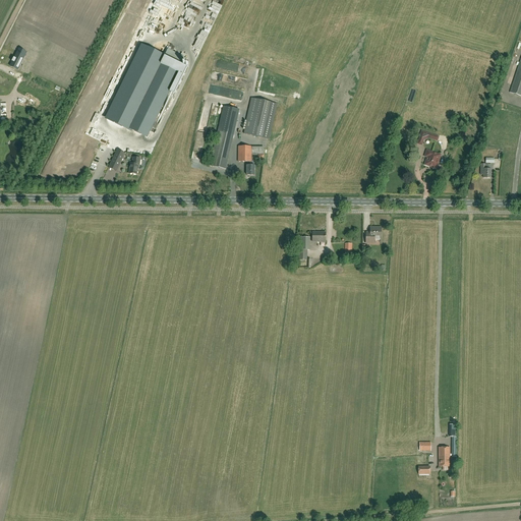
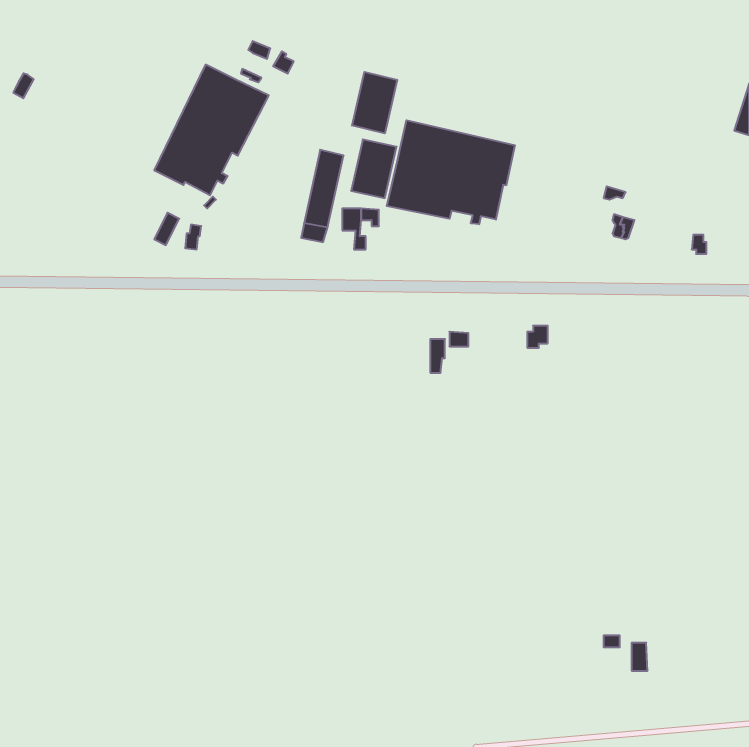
building: none -> [352,72,397,133]
building: none -> [387,120,515,224]

